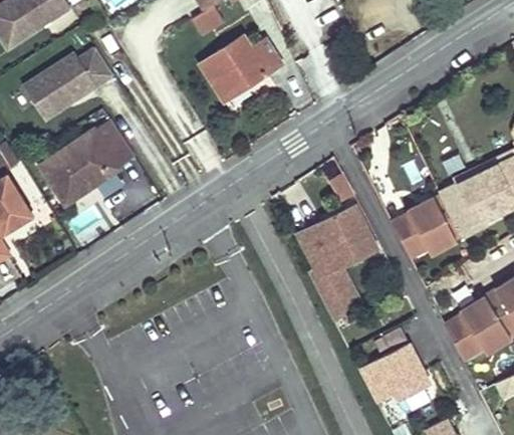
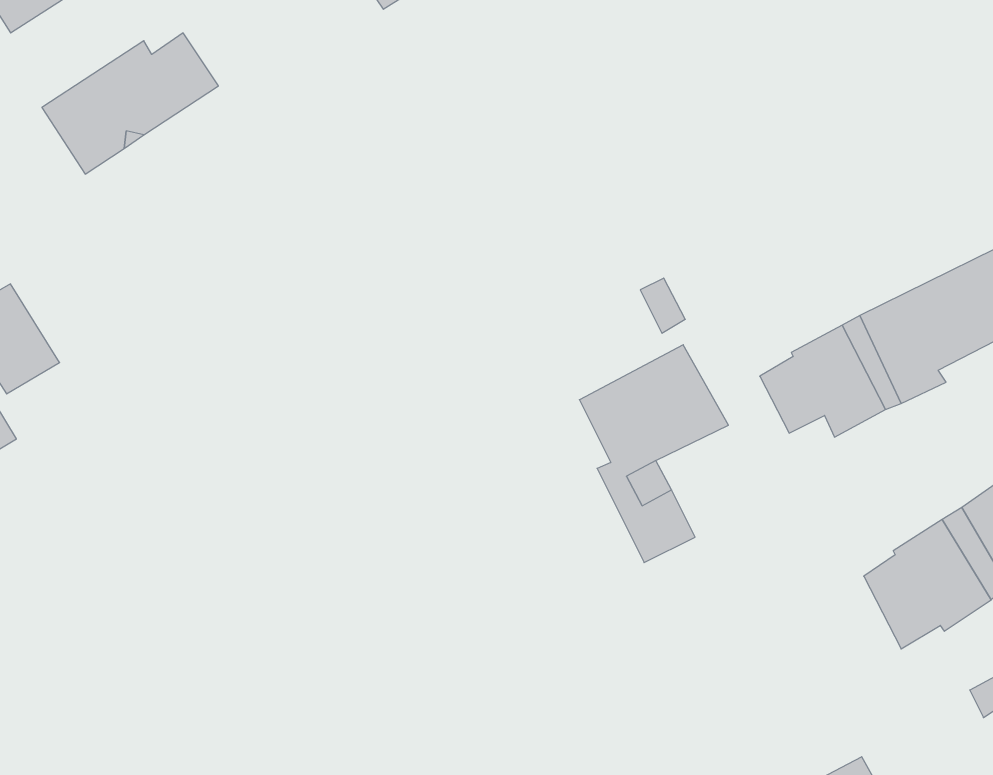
building: [201,36,283,97] -> none
building: [45,121,140,201] -> none
building: [358,342,431,403] -> none

